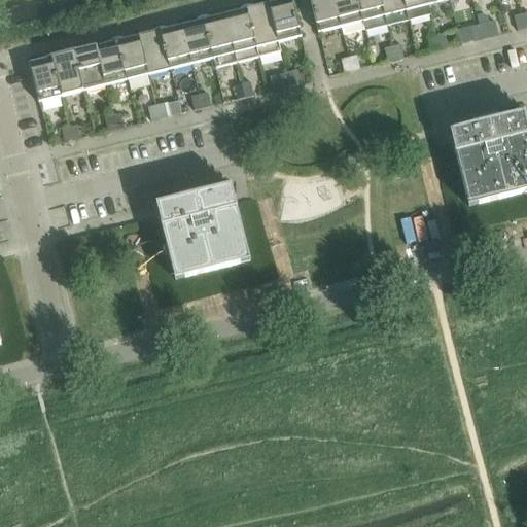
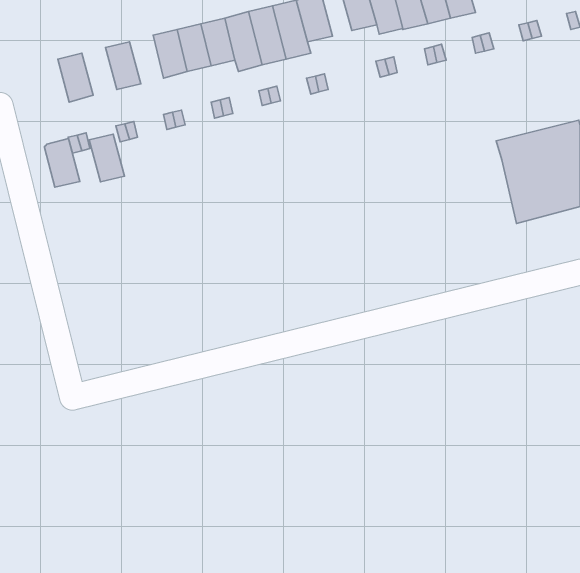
building: [117,32,148,76] -> none
building: [74,43,106,86] -> [89,134,124,182]
building: [31,54,63,98] -> [45,139,80,187]
building: [156,181,250,276] -> none

